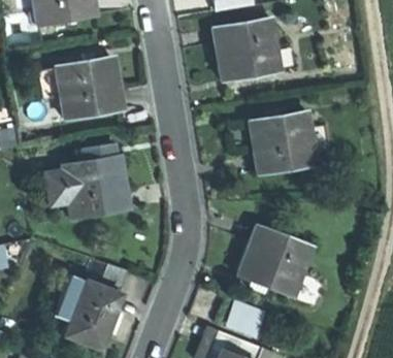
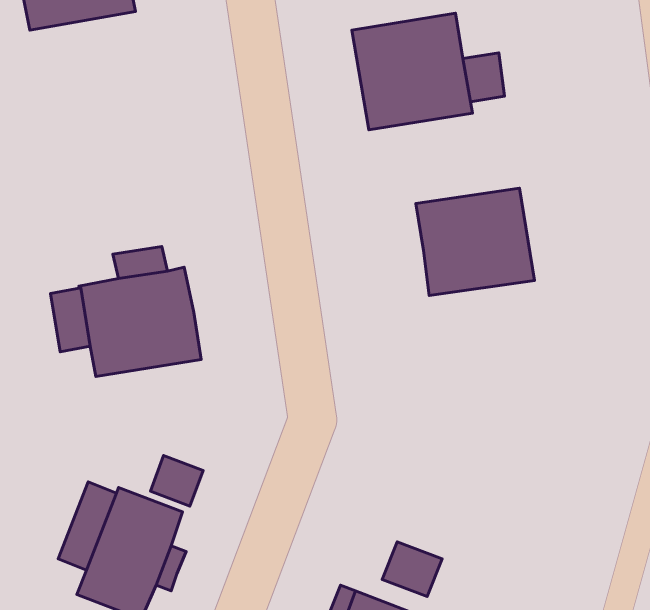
building: [54,56,123,120] -> none
building: [236,227,308,295] -> none

